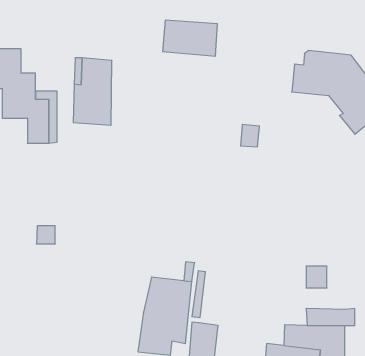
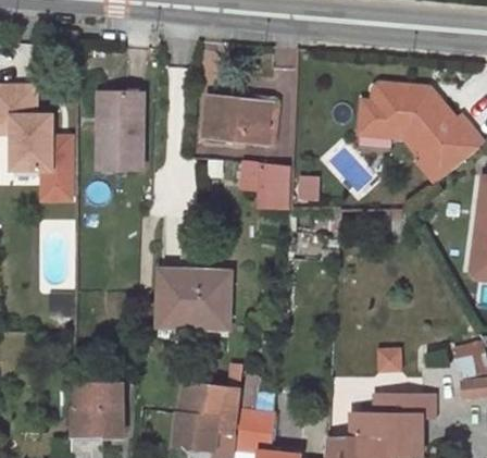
building: [163,20,217,56] -> [203,98,270,141]
building: none -> [255,164,288,209]
building: none -> [160,273,230,331]
building: none -> [73,385,120,437]

